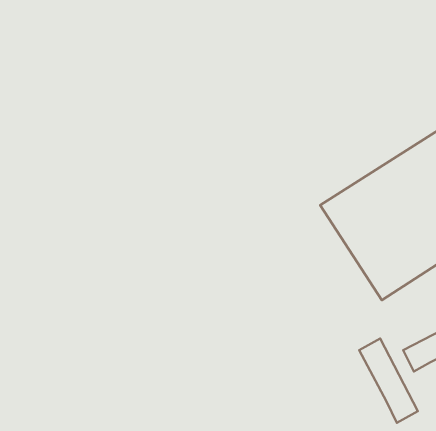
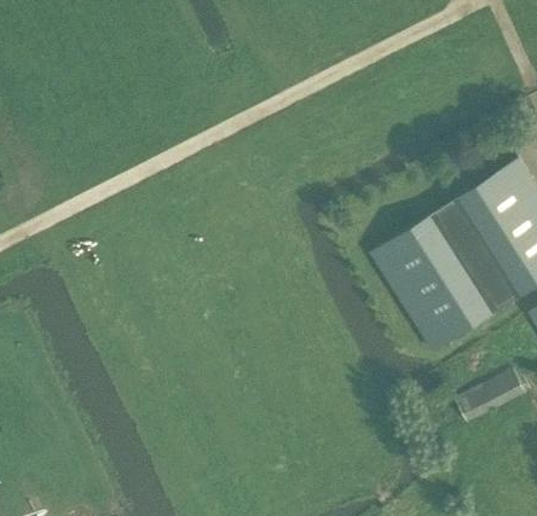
building: [359,339,418,423] -> none

